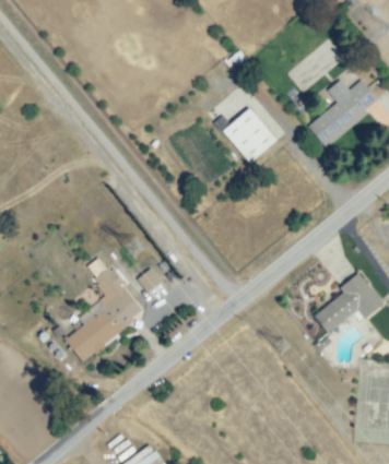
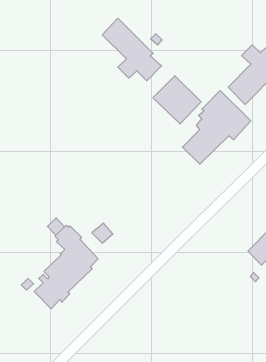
building: none -> [102,18,162,81]
building: none -> [182,91,251,164]

